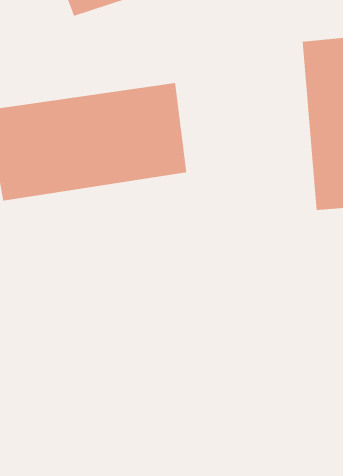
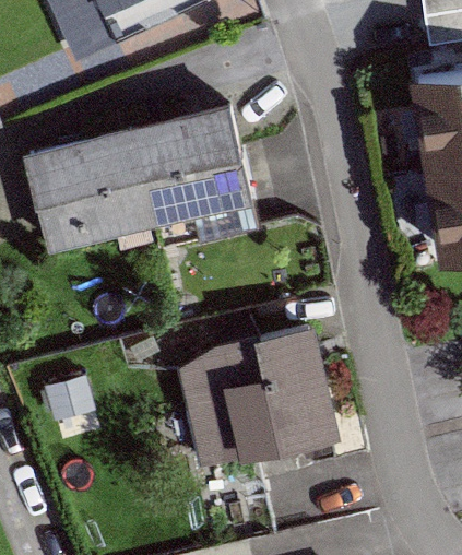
building: none -> [187,328,344,464]

